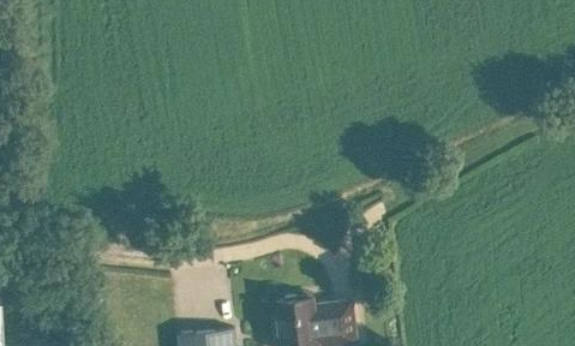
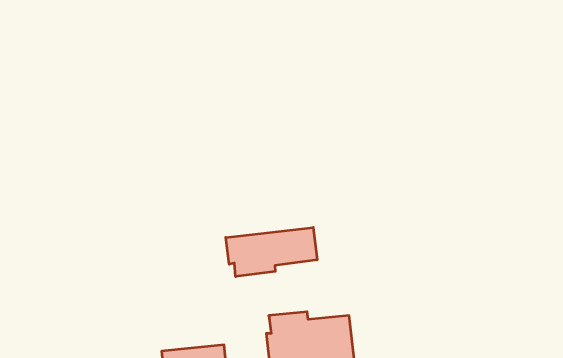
building: none -> [226,227,317,277]

